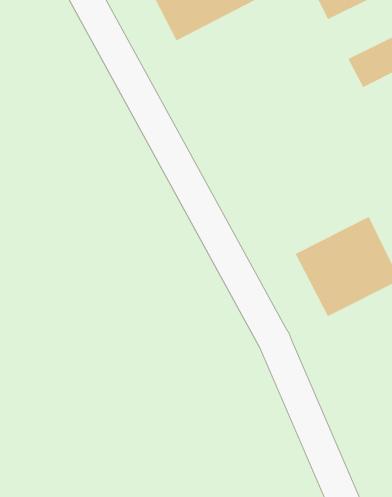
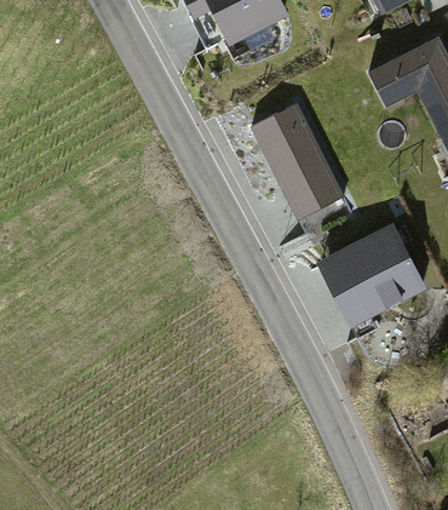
building: none -> [252,104,339,214]

